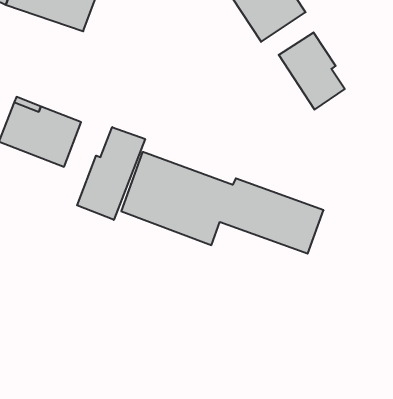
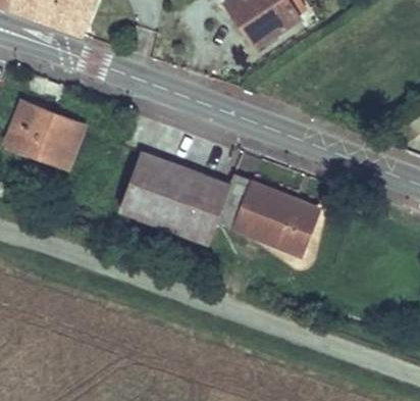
building: [279,32,345,110] -> none
building: [77,127,145,220] -> none

